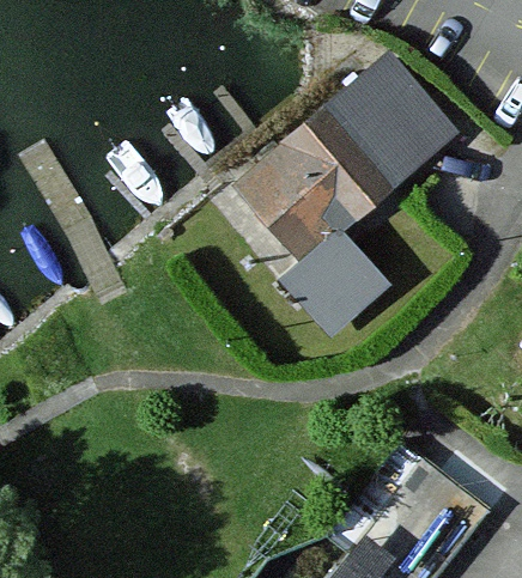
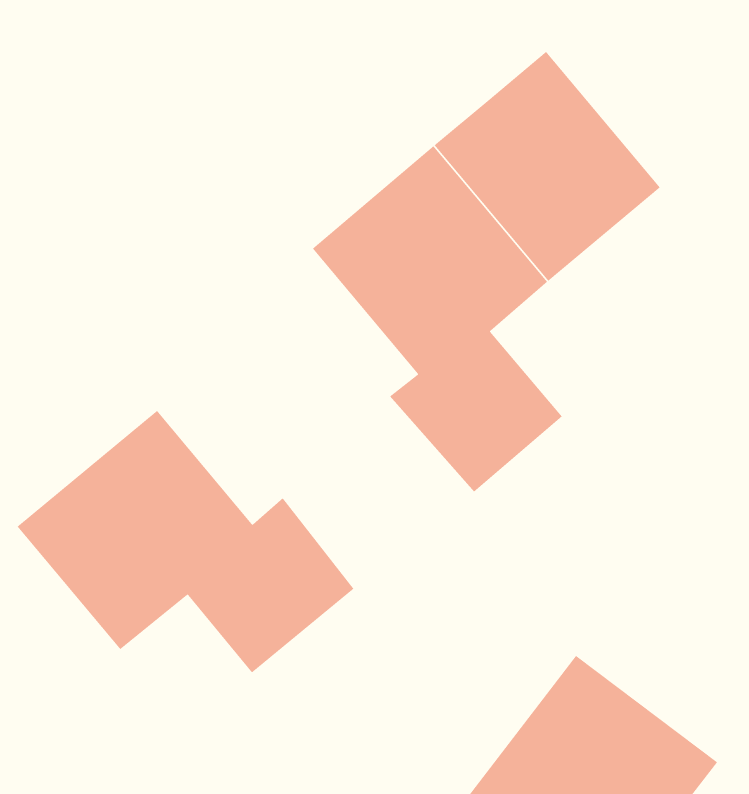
building: none -> [16,410,355,673]

